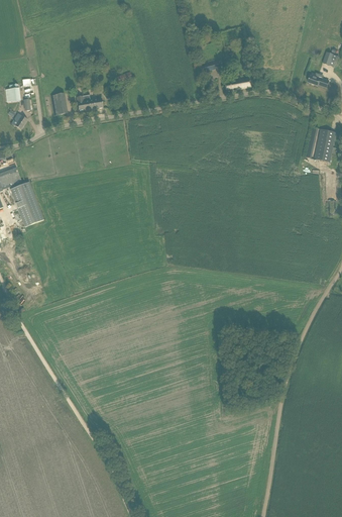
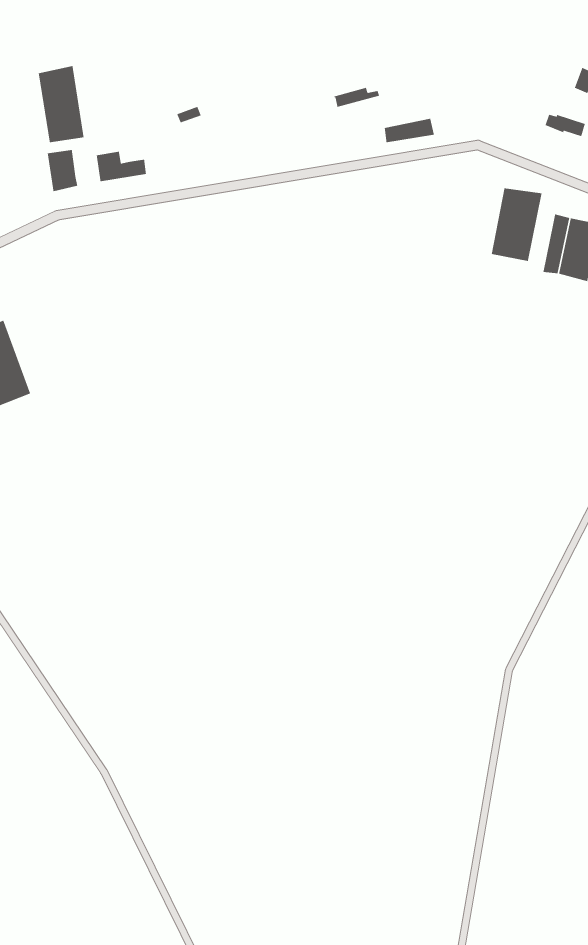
building: none -> [38,65,84,143]
building: none -> [491,187,542,262]

